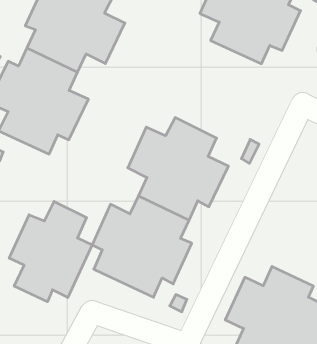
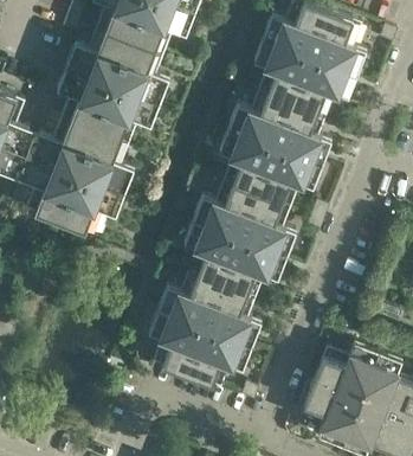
building: none -> [218,94,331,204]
building: [9,201,92,302] -> none

